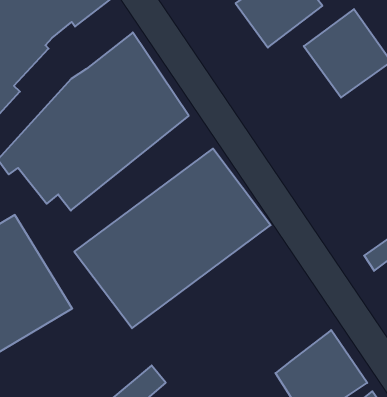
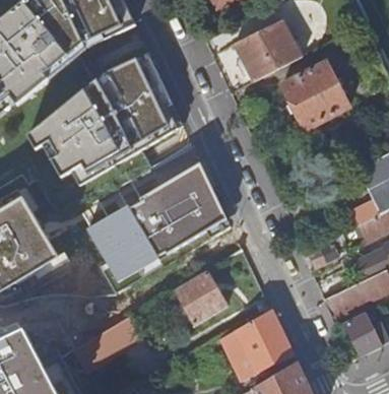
building: none -> [172,270,224,324]

